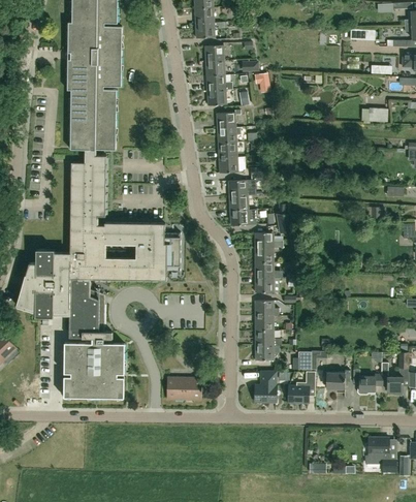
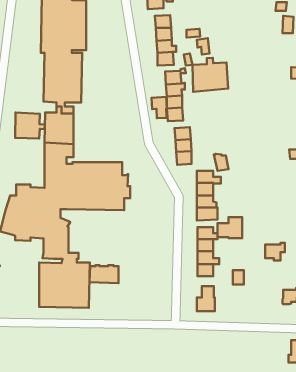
building: none -> [193,58,228,92]
building: none -> [151,97,167,118]
building: none -> [15,112,45,139]
building: none -> [217,217,242,238]
building: [326,370,350,391] -> [265,243,285,261]
building: [288,371,315,403] -> none
building: [167,377,202,399] -> [89,265,118,283]

